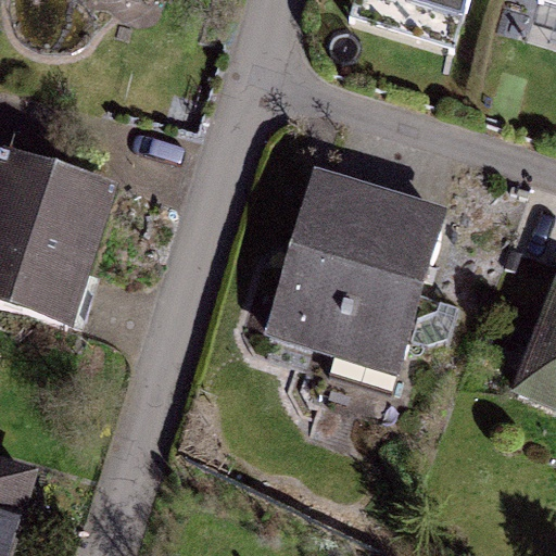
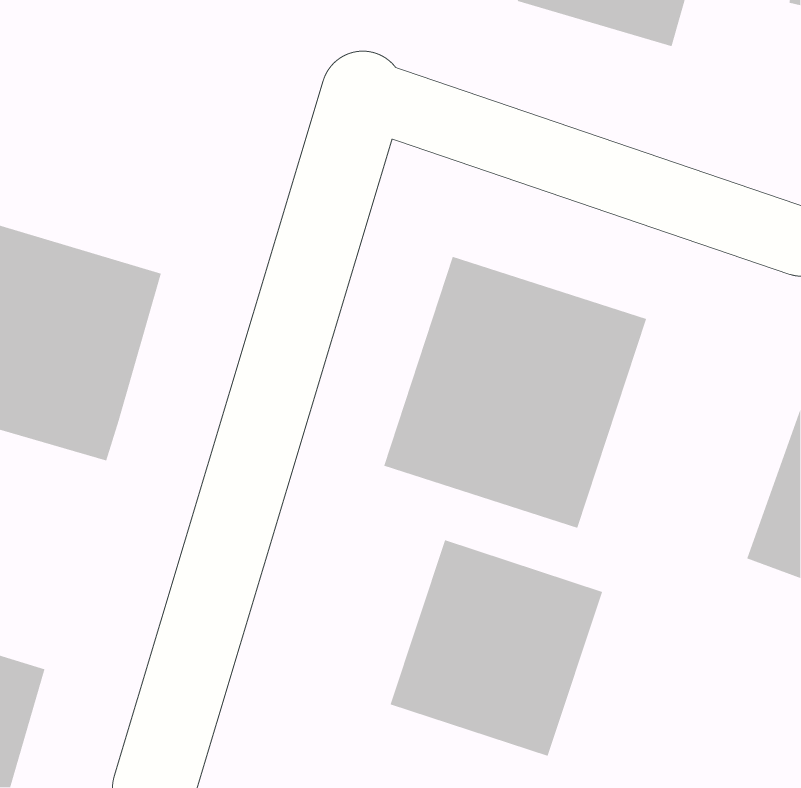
building: none -> [389,539,603,757]

